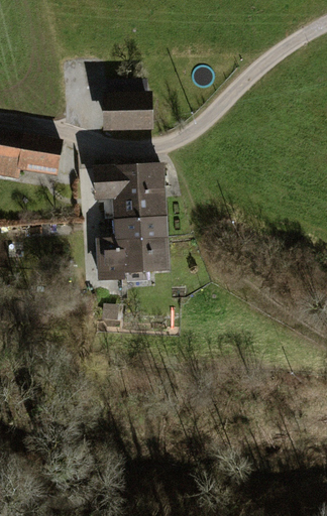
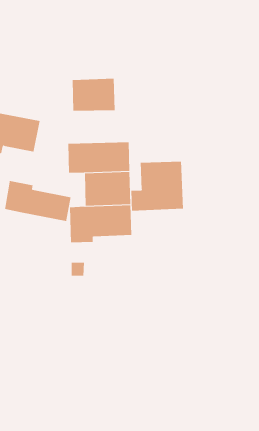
building: none -> [131,161,183,211]
building: none -> [4,180,71,222]

